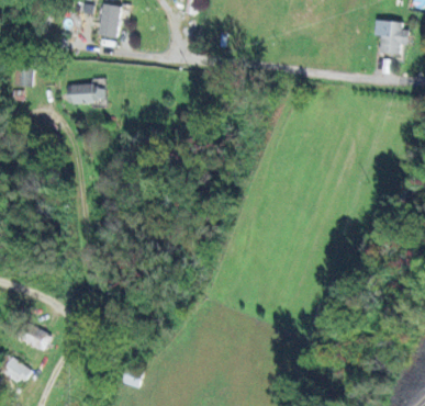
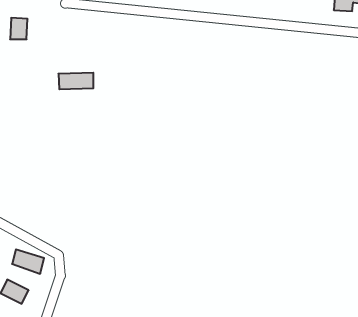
building: [67,84,107,103] -> [58,73,93,89]

